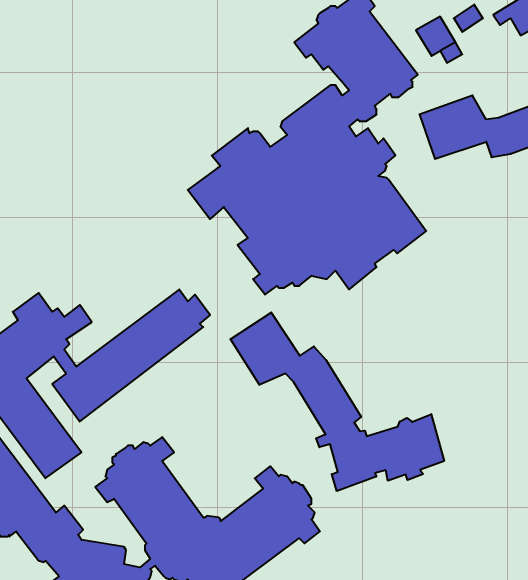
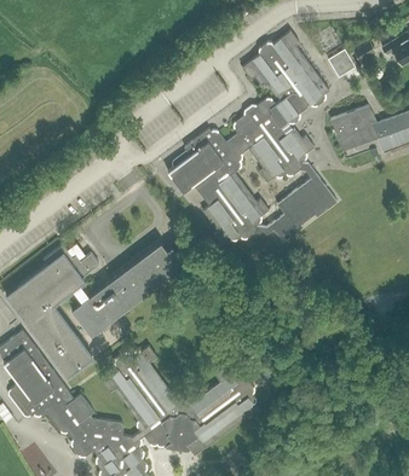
building: [230,312,444,491] -> none

